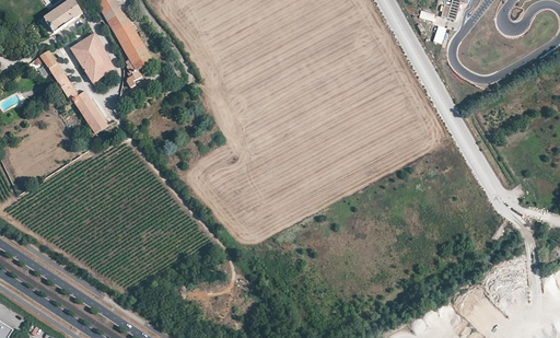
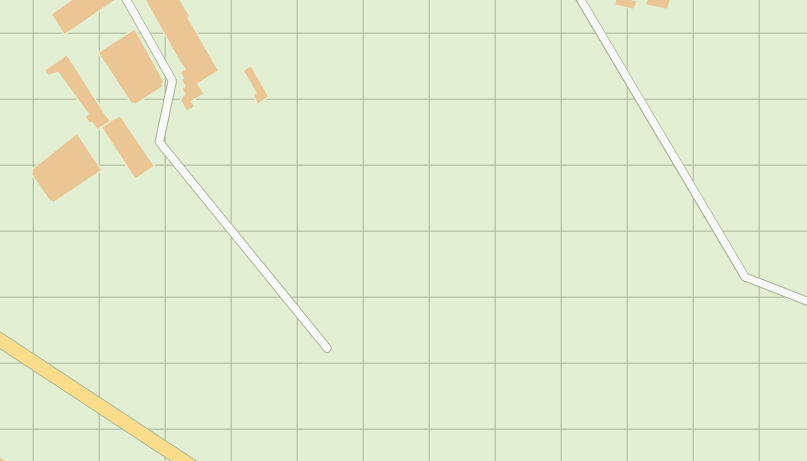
building: none -> [32,133,102,203]

